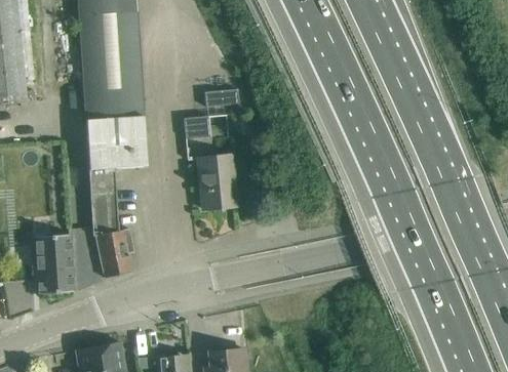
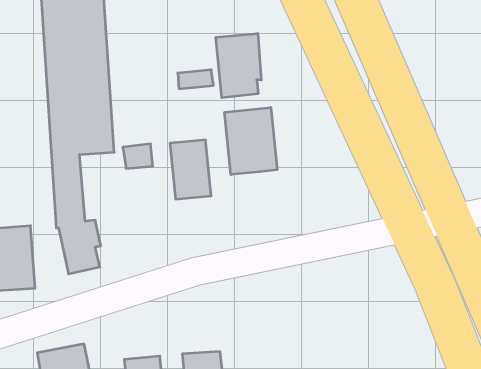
building: none -> [216,33,261,98]
building: [183,116,210,138] -> [123,144,153,168]
building: none -> [225,107,277,175]

